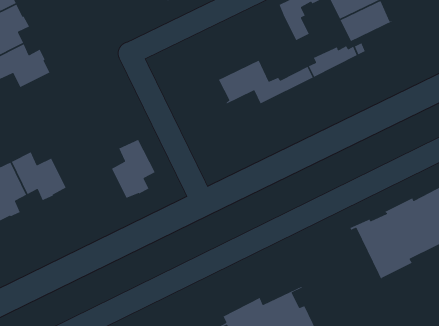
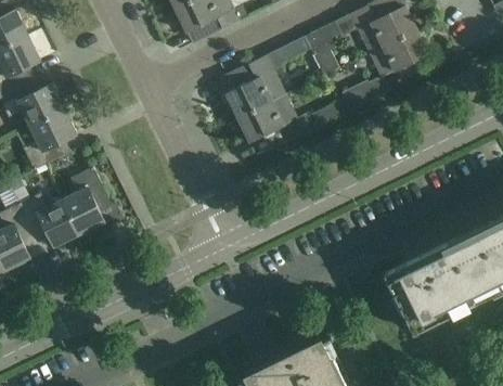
building: none -> [224,38,309,119]
building: none -> [22,111,75,171]
building: [111,139,156,199] -> [62,169,109,233]

